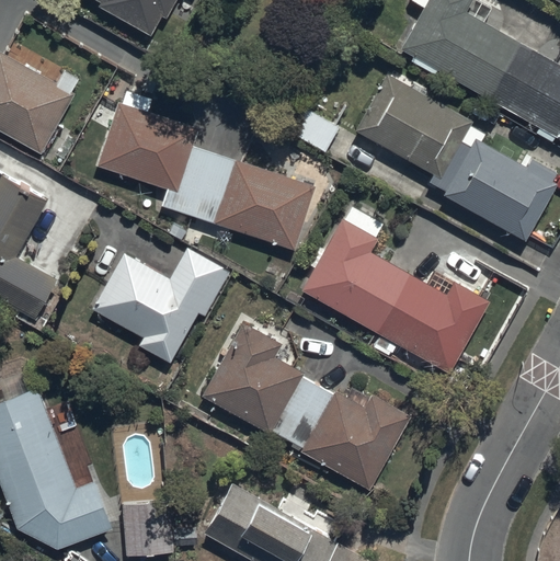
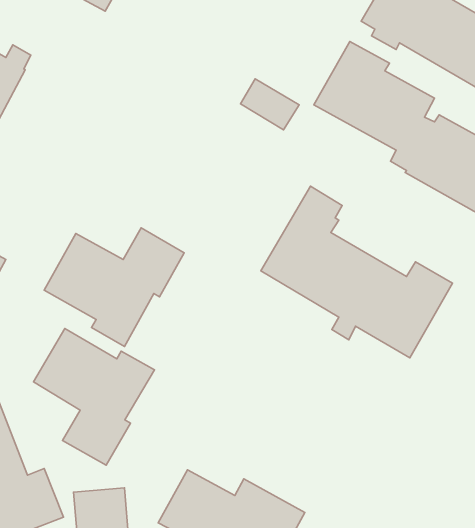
building: [98,90,315,250] -> none
building: [199,319,409,490] -> none
building: none -> [33,328,155,465]

